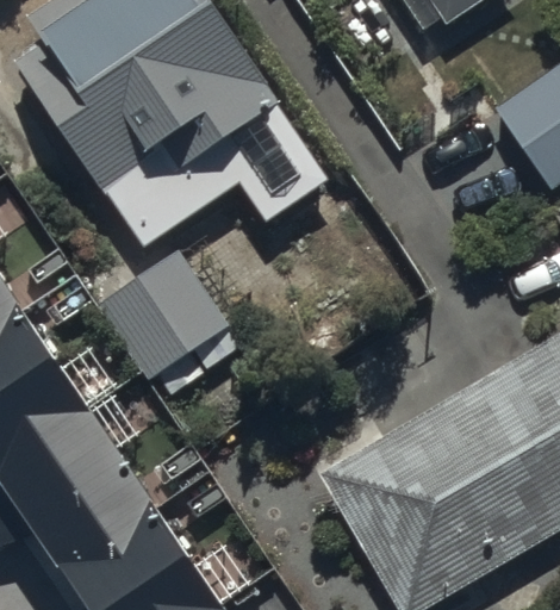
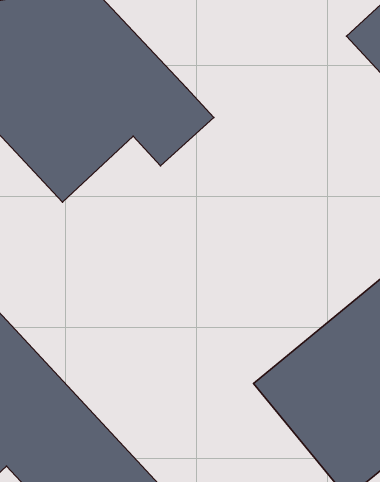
building: [92,249,224,382] -> none

